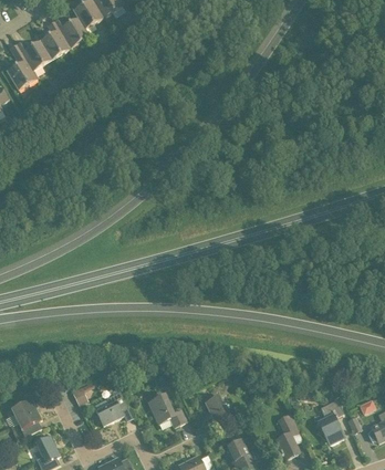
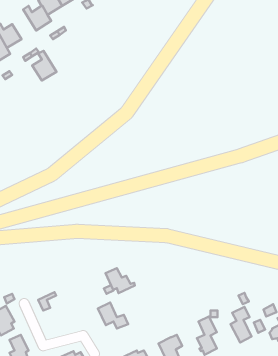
building: [38,22,69,60] -> [32,51,56,80]
building: [94,391,127,426] -> none
building: [204,396,241,428] -> [105,268,135,293]

